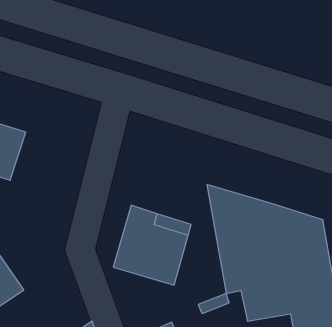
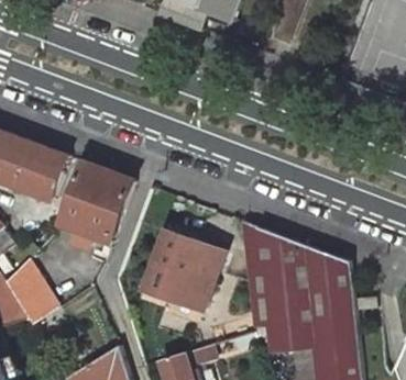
building: none -> [63,166,133,245]

